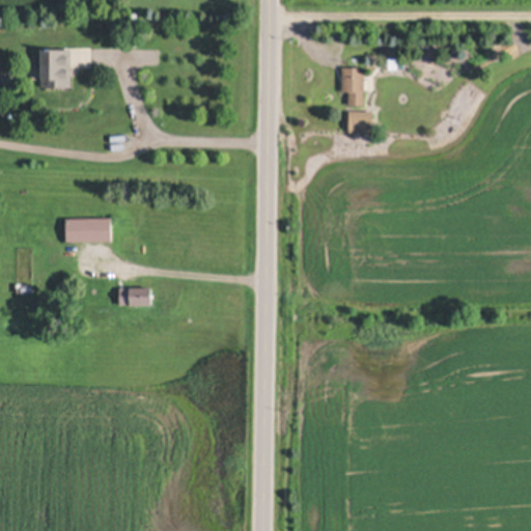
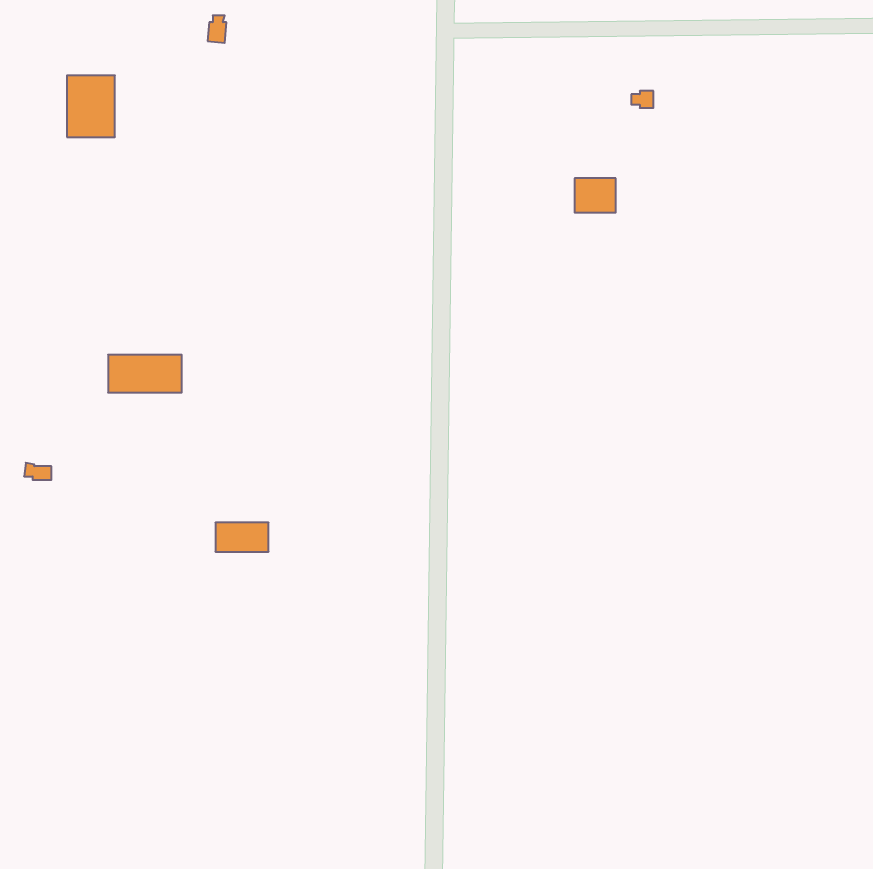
building: [340,68,363,106] -> none
building: [118,288,150,306] -> [215,523,269,552]

